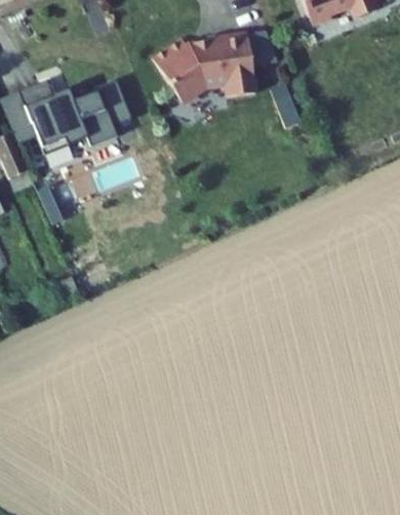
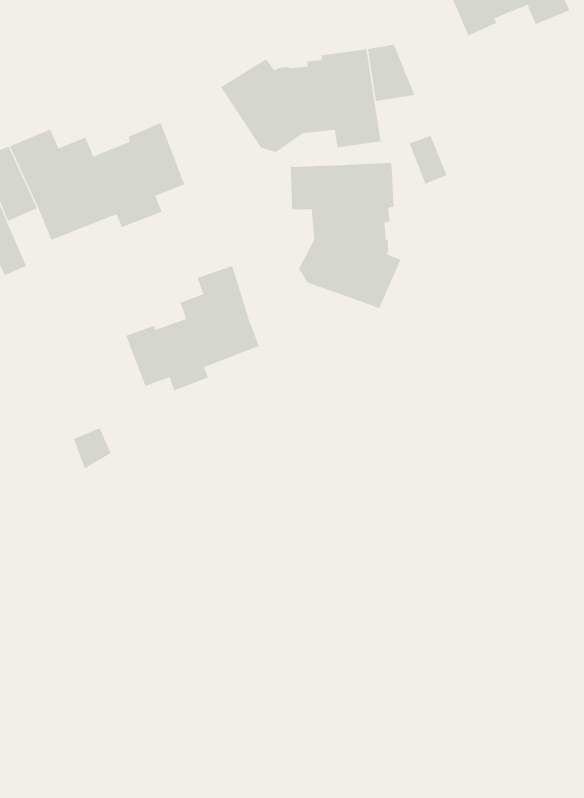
building: none -> [290,162,401,309]
building: none -> [125,265,259,391]

